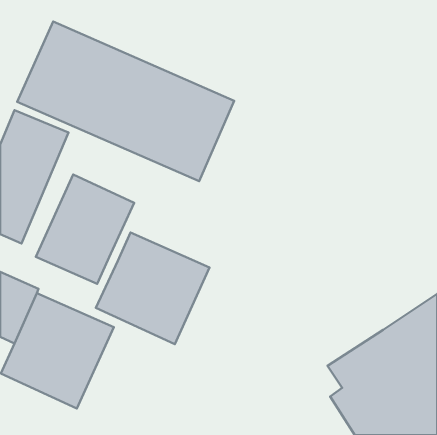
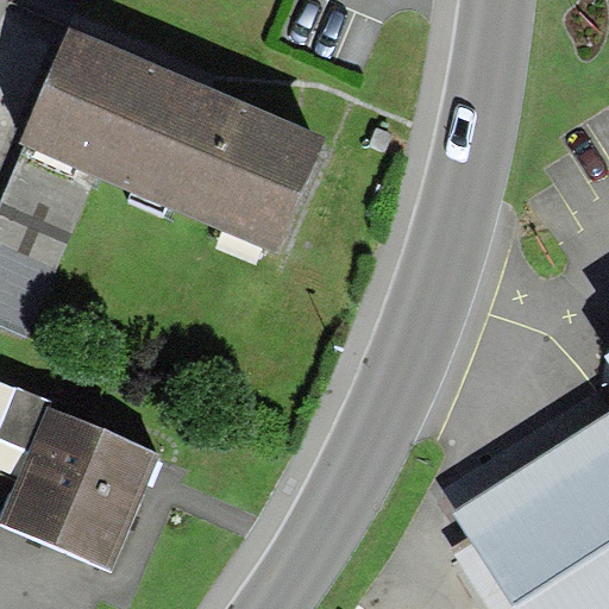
building: [36,174,134,284] -> none
building: [96,232,210,344] -> none

